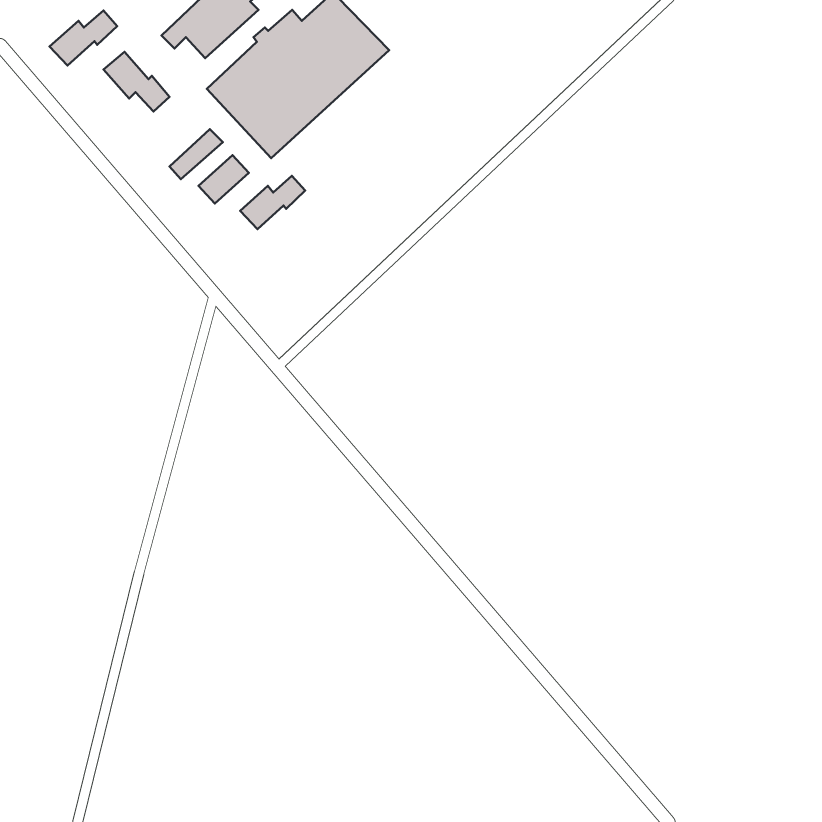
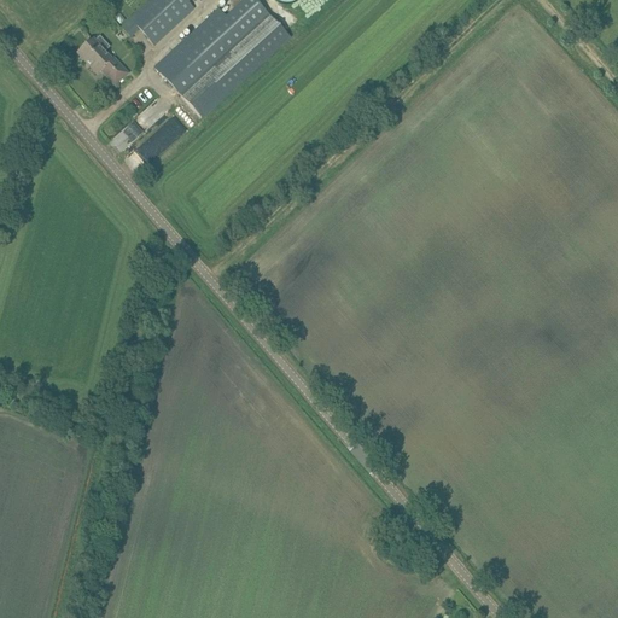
building: [49,11,117,66] -> none
building: [240,176,305,229] -> none

